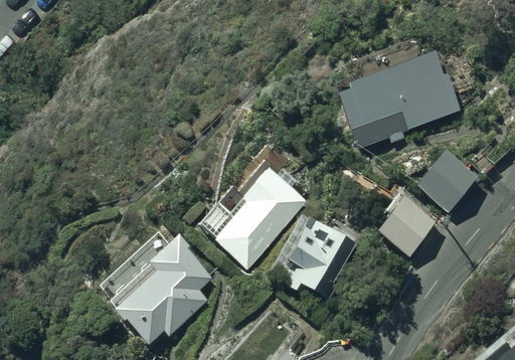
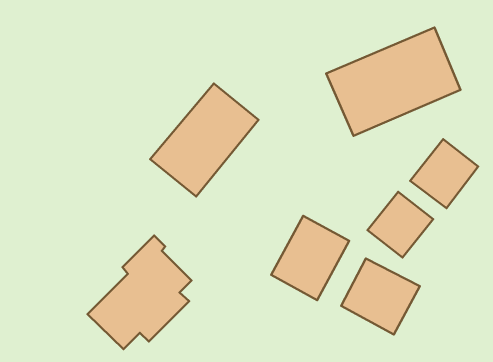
building: [208,163,308,266] -> [150,84,259,196]
building: none -> [341,258,420,334]

